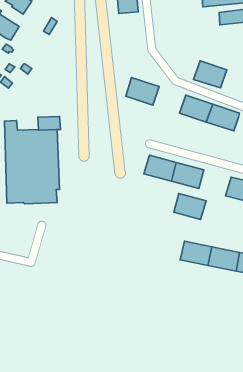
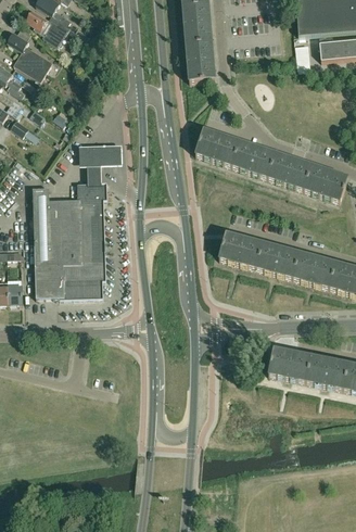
building: none -> [186,41,215,81]
building: [194,61,227,88] -> [231,141,276,177]
building: none -> [79,144,122,182]
building: [174,194,206,219] -> [293,253,336,288]

